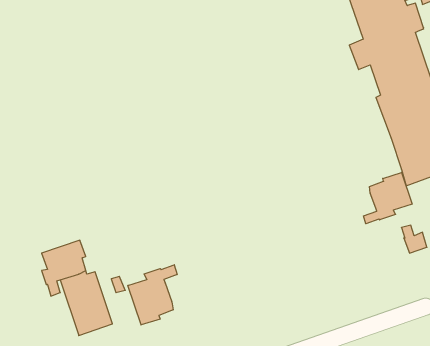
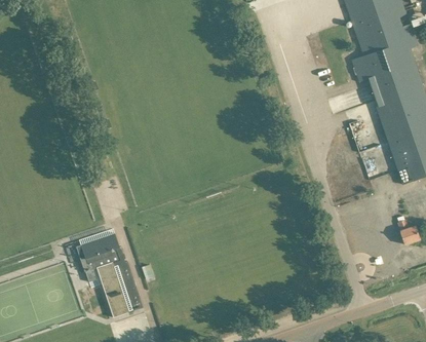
building: [364,172,412,224] -> none
building: [128,265,177,325] -> none

